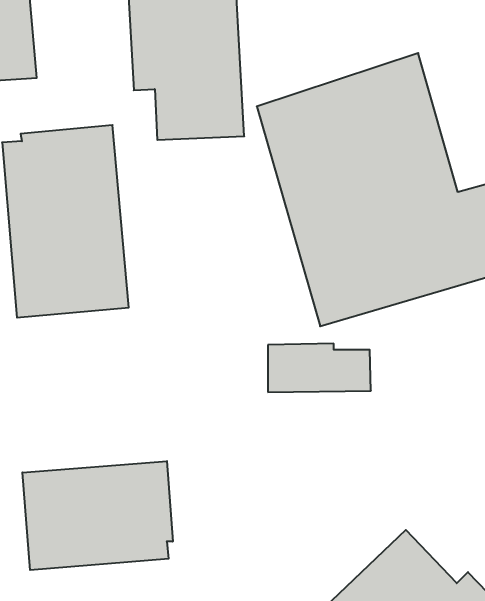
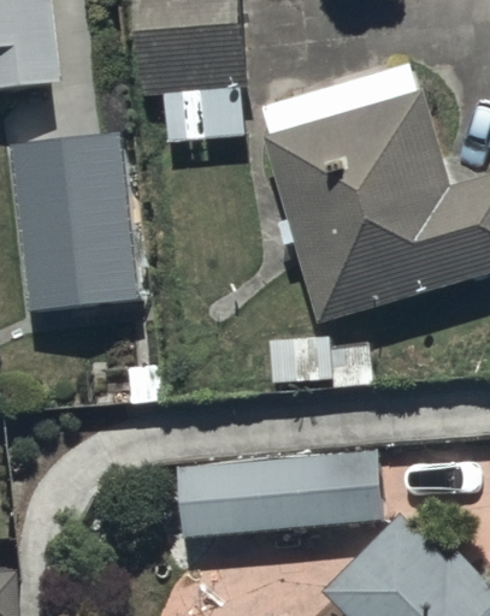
building: none -> [178,450,383,538]
building: [22,461,173,570] -> none

